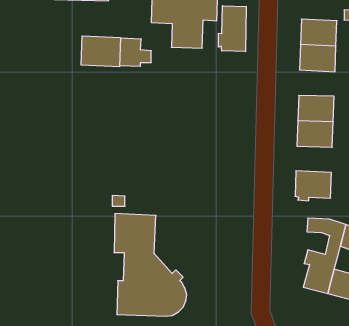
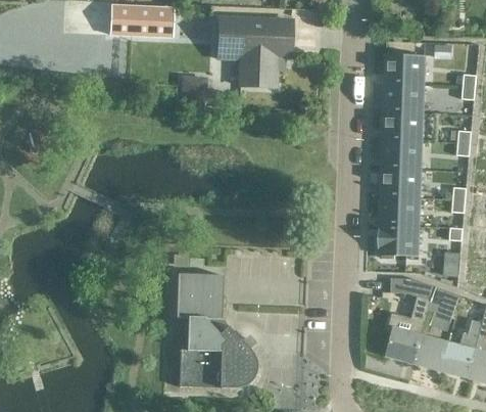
building: [218,6,246,52] -> none
building: [81,36,120,67] -> none
building: none -> [382,111,423,141]
building: none -> [379,197,420,227]

